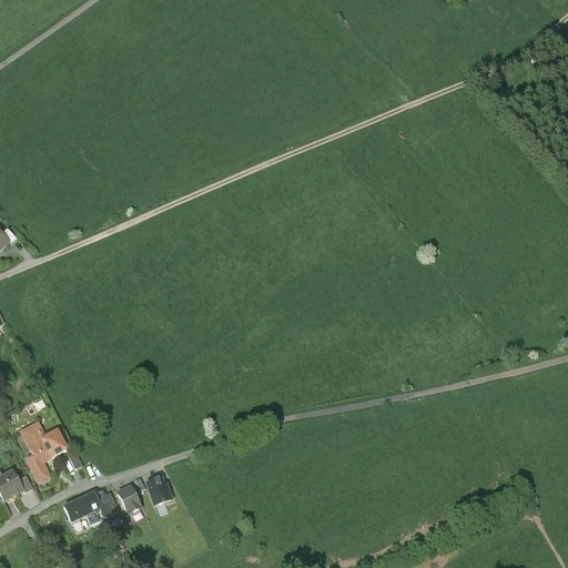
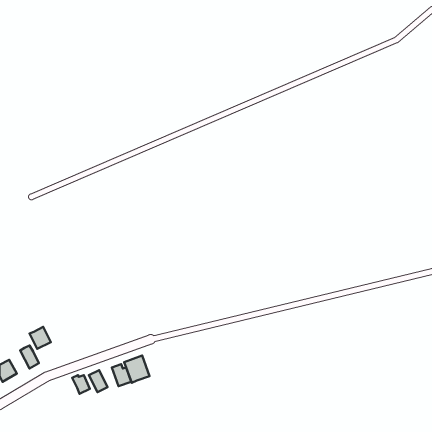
building: [20,422,49,459] -> none
building: none -> [124,356,150,383]
building: [63,490,101,520] -> none

